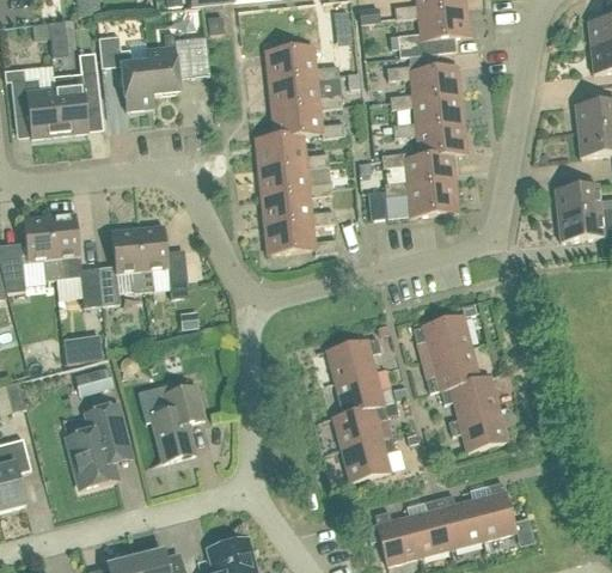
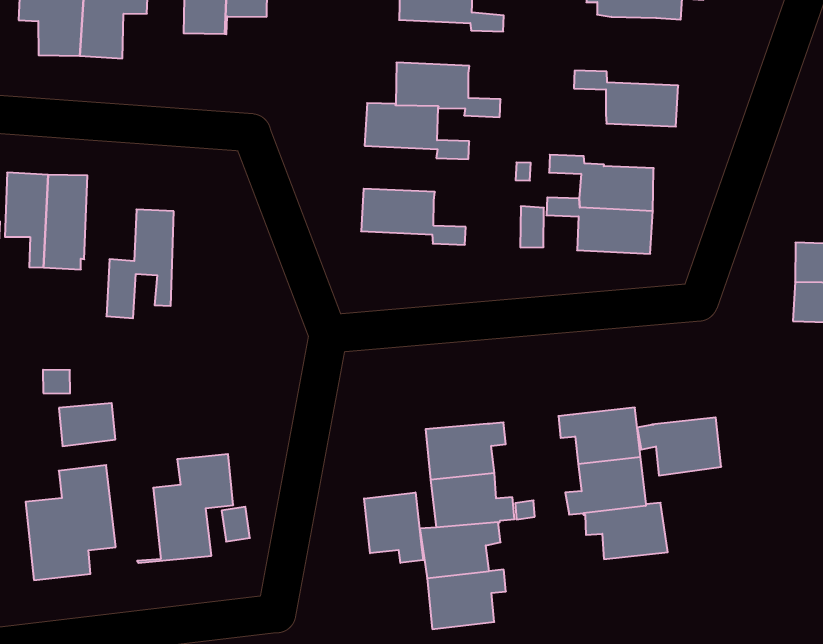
building: [386,53,460,100] -> none
building: [268,74,341,108] -> none
building: [392,122,466,157] -> none
building: [257,161,331,196] -> none
building: [263,219,337,254] -> none
building: [136,225,188,298] -> none
building: [79,267,102,307] -> none
building: none -> [364,492,423,563]
building: [447,408,507,452] -> [637,417,721,476]

